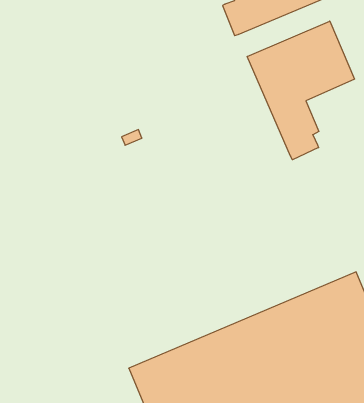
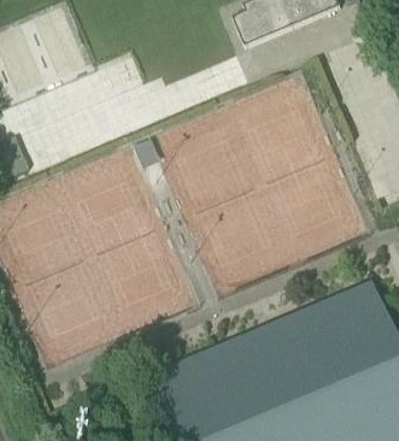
building: [247,21,355,160] -> none

